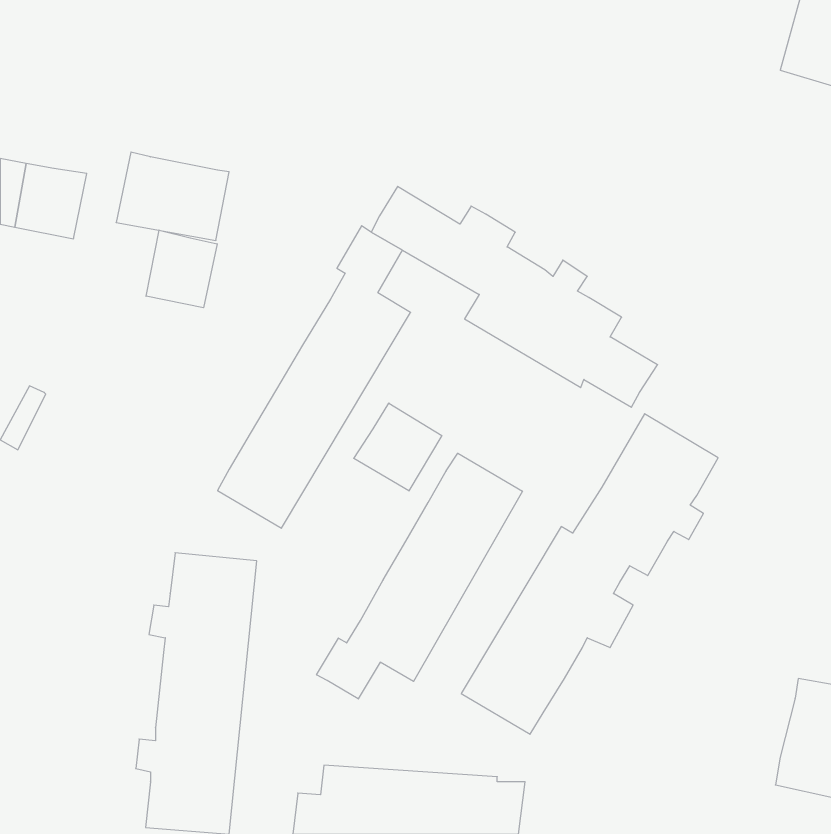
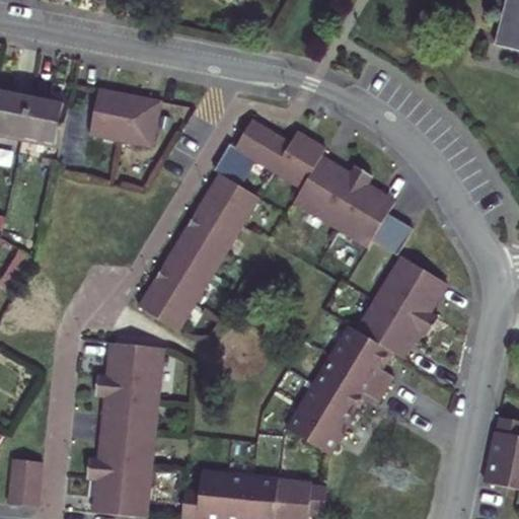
building: [146,230,217,308] -> none
building: [354,403,442,491] -> none
building: [317,453,522,699] -> none
building: none -> [11,460,46,508]

